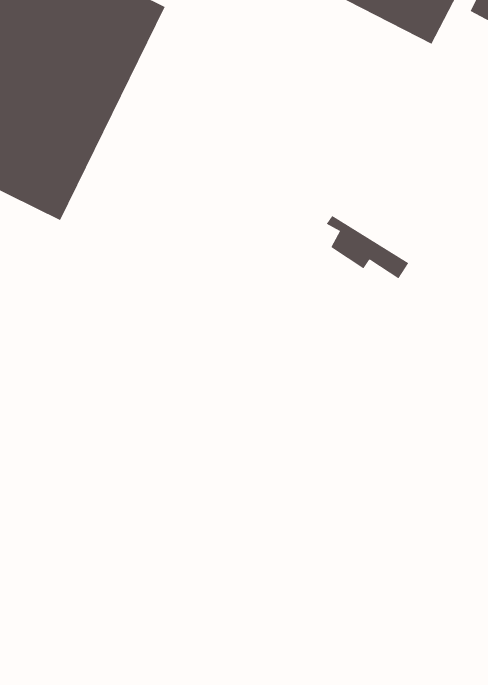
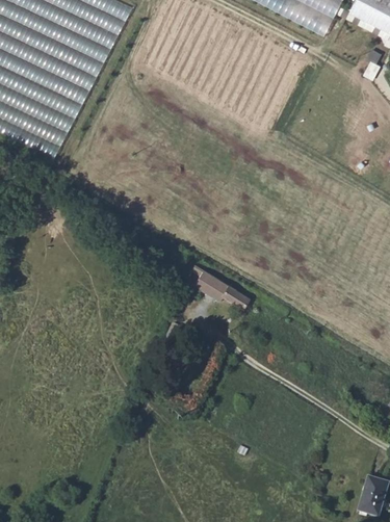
building: [326,215,409,279] -> [189,261,249,307]

